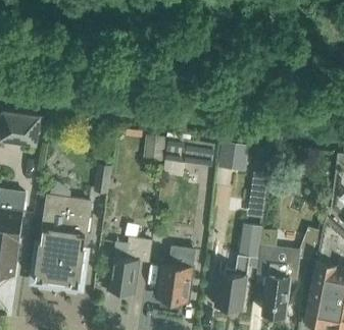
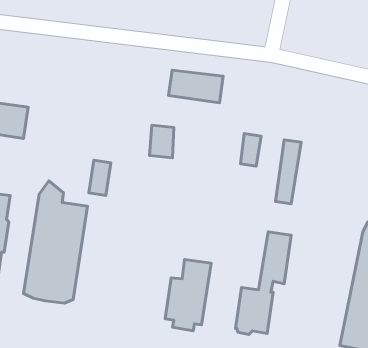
building: [169,139,215,166] -> [169,70,223,103]
building: [256,233,317,316] -> none
building: [107,237,152,297] -> none

